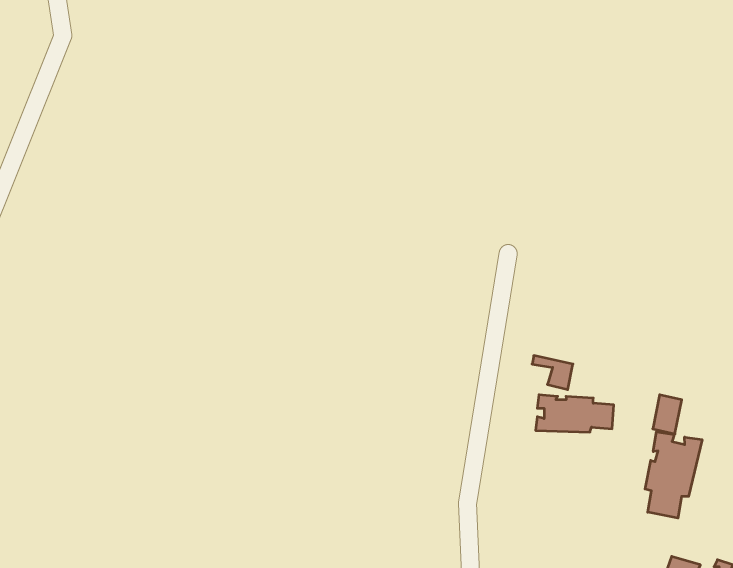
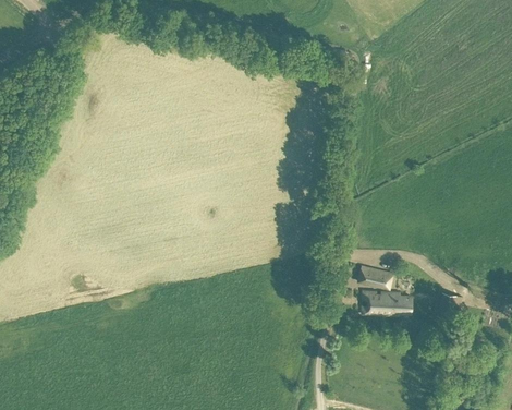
building: [645,432,702,518] -> none

